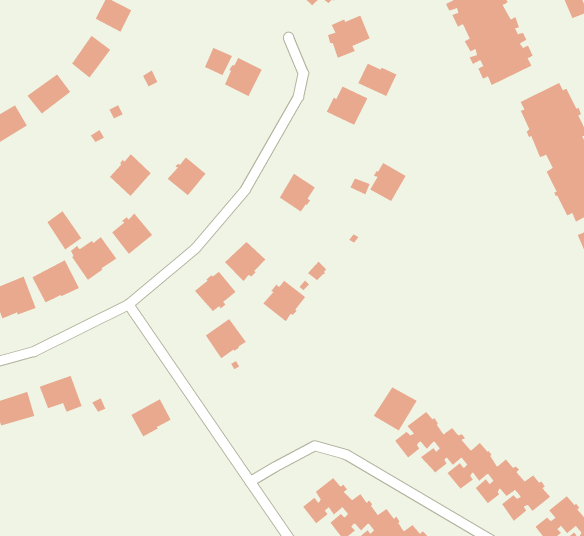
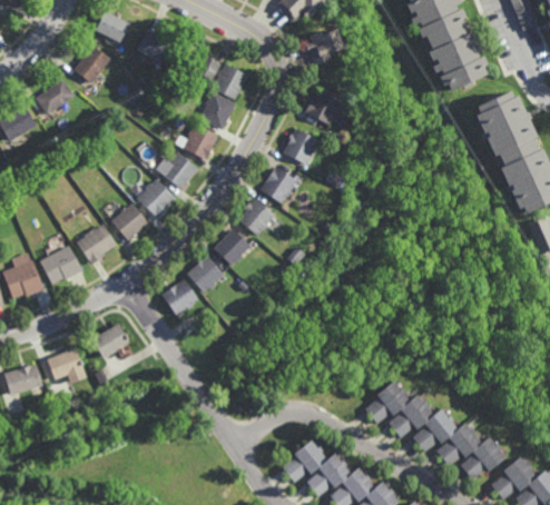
building: none -> [138,29,176,63]
building: [358,63,397,97] -> none
building: none -> [199,92,236,130]
building: none -> [175,125,218,160]
building: [109,153,151,197] -> [137,179,175,218]
building: [369,162,406,202] -> [284,128,317,164]
building: [47,210,82,250] -> none
building: [263,280,306,322] -> [237,199,276,237]
building: [205,318,247,359] -> [161,279,199,316]
building: [373,386,417,431] -> none
building: [130,399,171,437] -> [92,324,129,358]

